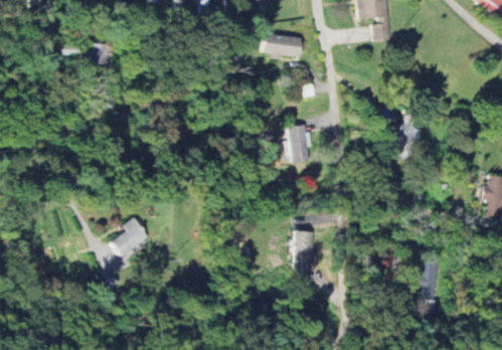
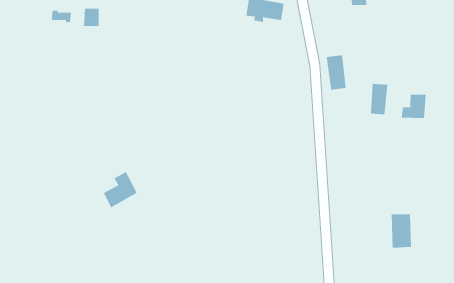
building: [286,125,308,162] -> [326,55,347,90]
building: none -> [401,94,426,119]
building: [293,230,315,269] -> none

